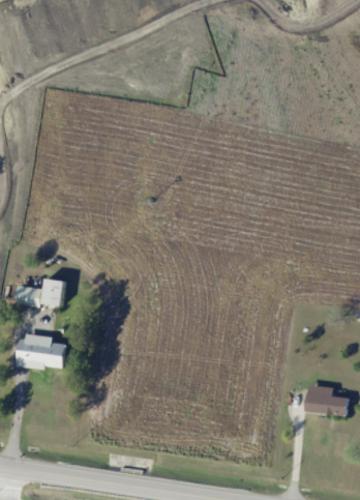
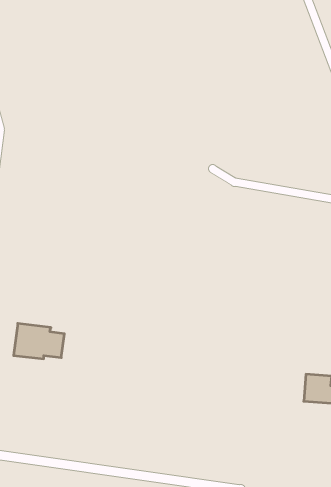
building: [16,278,65,306] -> none

